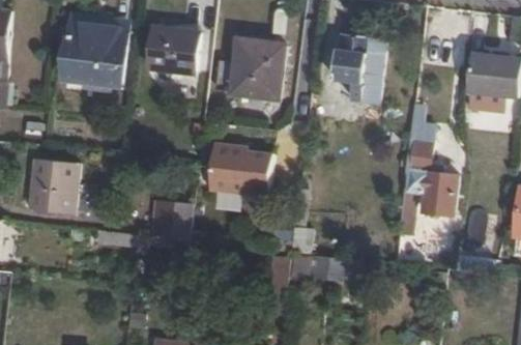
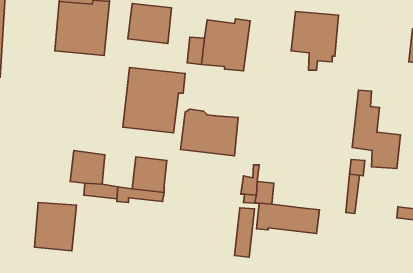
building: none -> [123,68,185,133]
building: [30,159,78,213] -> [35,202,76,251]

